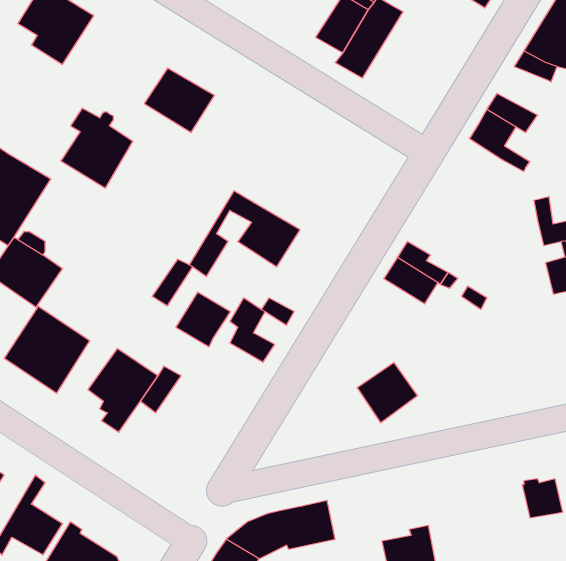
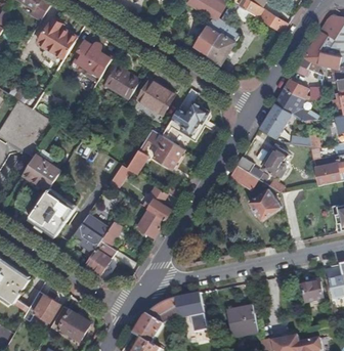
building: none -> [136,80,173,114]
building: [61,108,133,188] -> [72,40,110,82]
building: none -> [171,100,208,135]
building: none -> [258,101,291,137]
building: none -> [260,145,288,176]
building: [176,292,230,347] -> [136,209,165,237]
building: [357,362,418,423] -> [248,187,280,219]
building: none -> [84,239,116,274]

